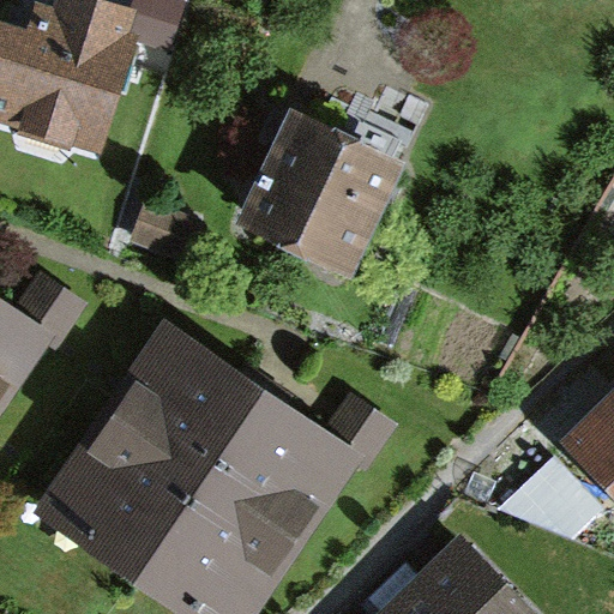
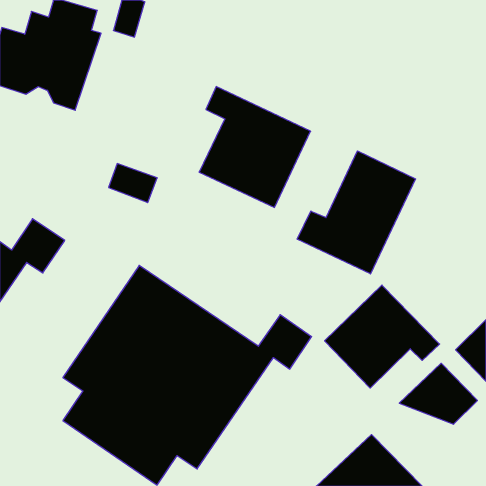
building: none -> [297,151,416,274]
building: none -> [325,285,440,388]

